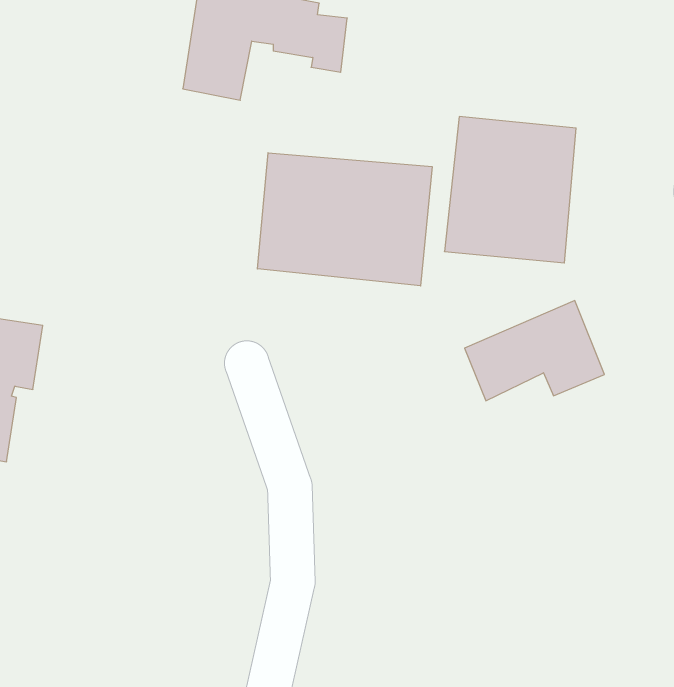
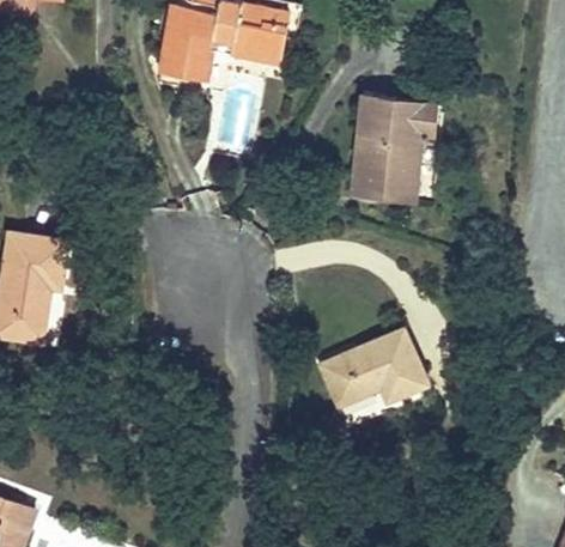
building: [257,153,432,286] -> none
building: [465,301,604,401] -> [321,328,423,401]

